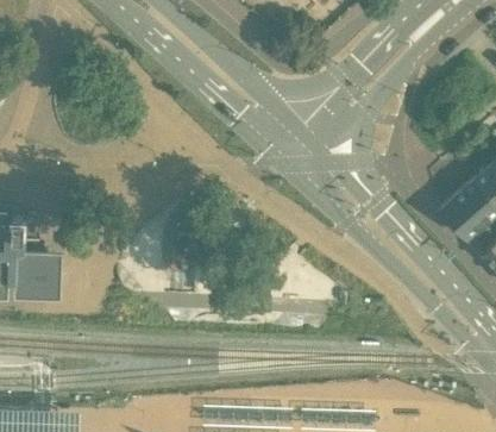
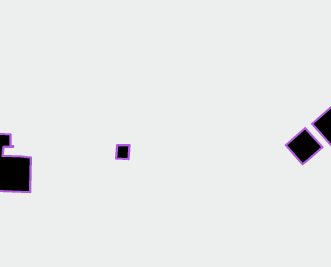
building: none -> [286,128,323,164]

